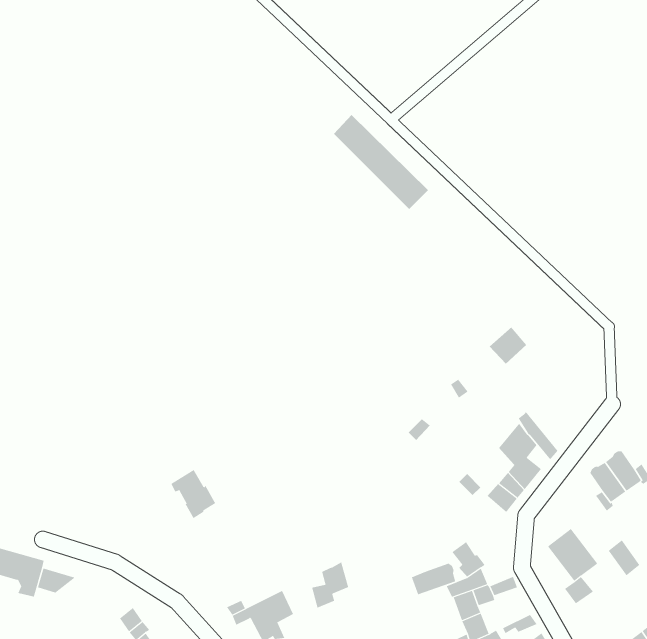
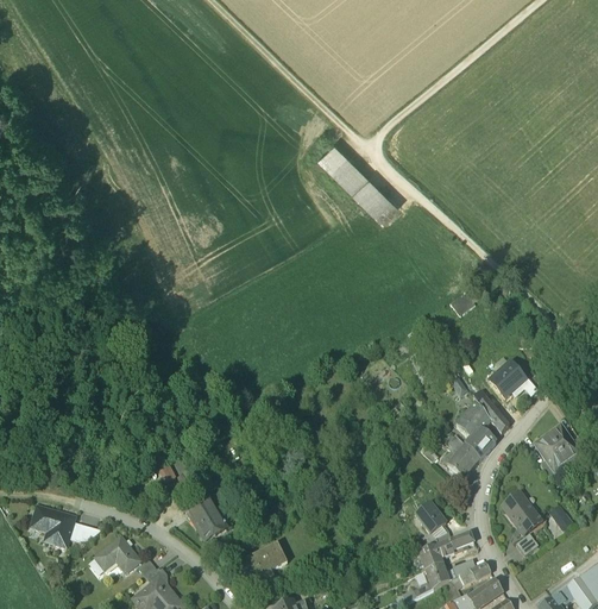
building: [489,327,527,365] -> [490,364,522,396]
building: [170,468,217,519] -> [185,497,225,540]
building: [311,561,349,609] -> none
building: [412,563,456,595] -> none
building: none -> [94,538,139,572]

